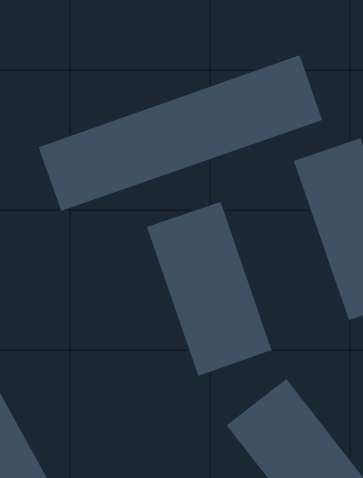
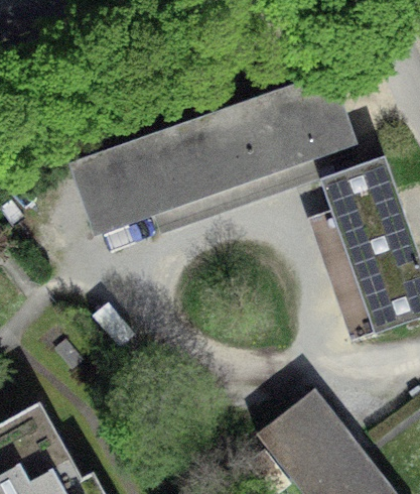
building: [146,201,273,377] -> none

